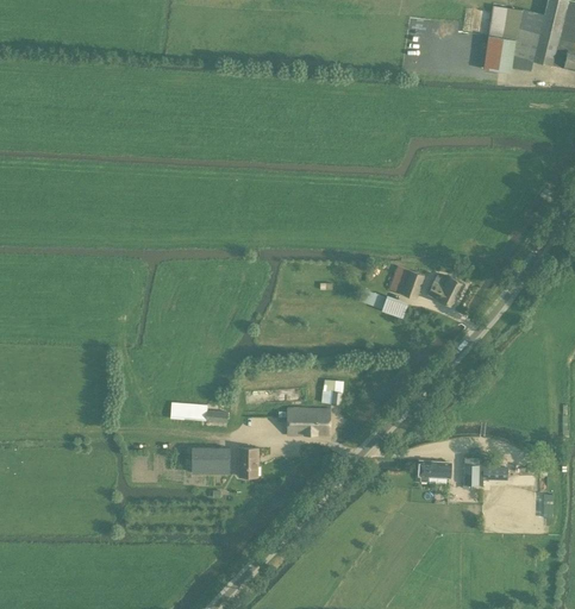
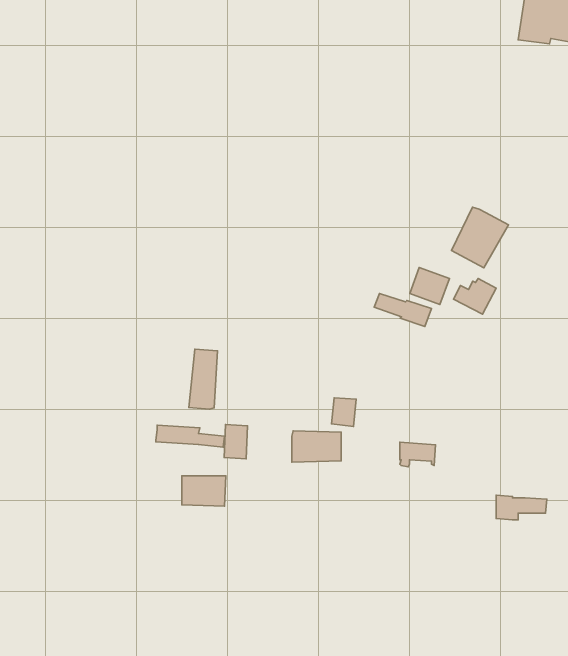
building: none -> [452,207,508,268]
building: none -> [189,349,218,409]
building: [238,447,258,477] -> [224,424,247,459]
building: [419,460,450,482] -> [400,442,435,467]

